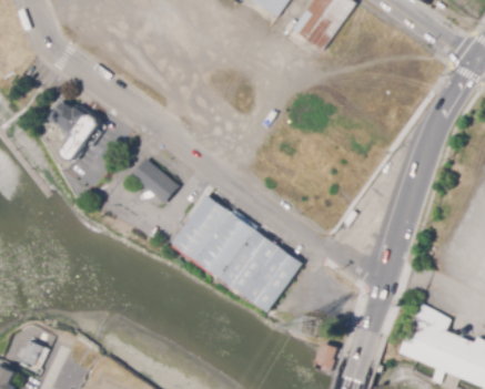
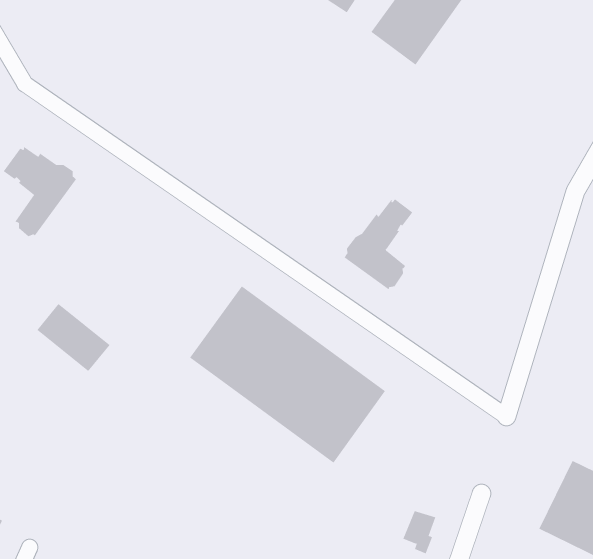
building: none -> [344,199,413,290]
building: [127,160,175,205] -> [36,303,110,372]

